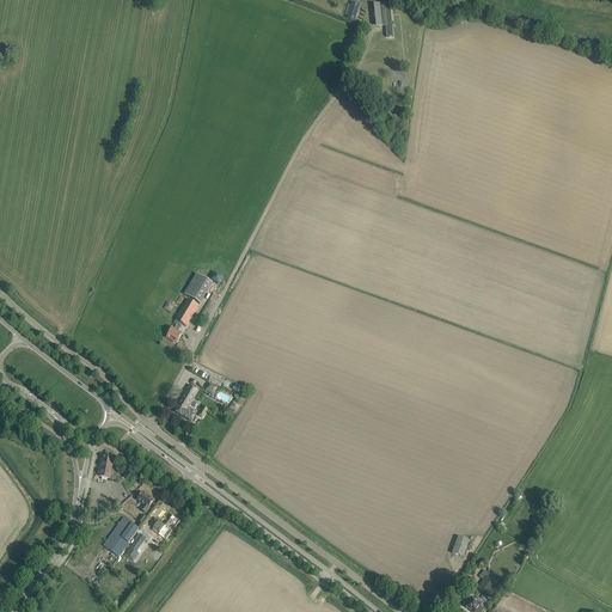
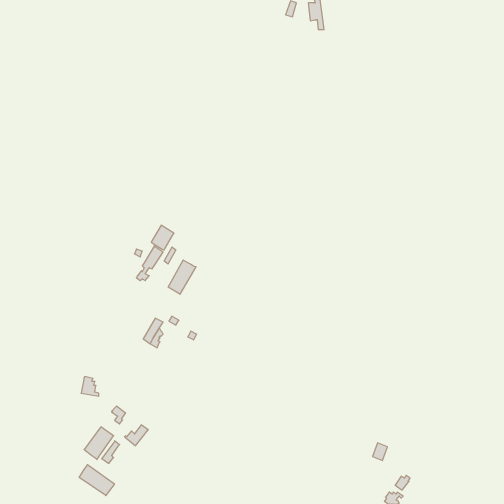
building: none -> [168,260,196,294]
building: none -> [79,465,114,496]

